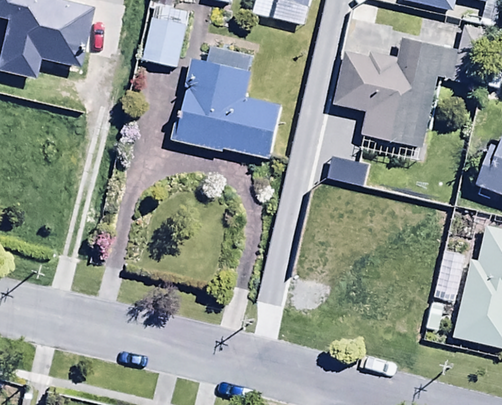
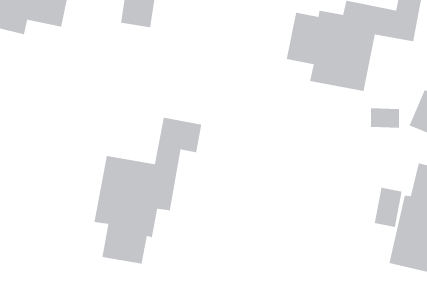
building: [169,51,281,159] -> none
building: none -> [93,117,202,265]

